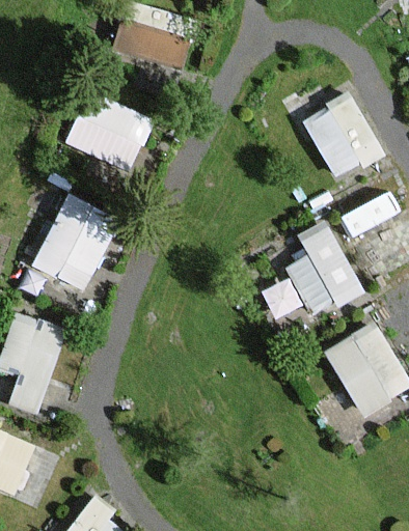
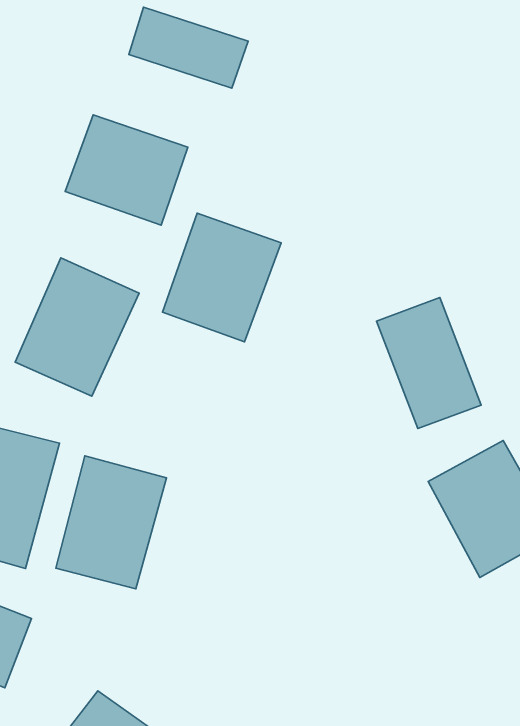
building: [303,93,381,179] -> none
building: none -> [163,213,281,342]
building: none -> [56,456,166,589]

